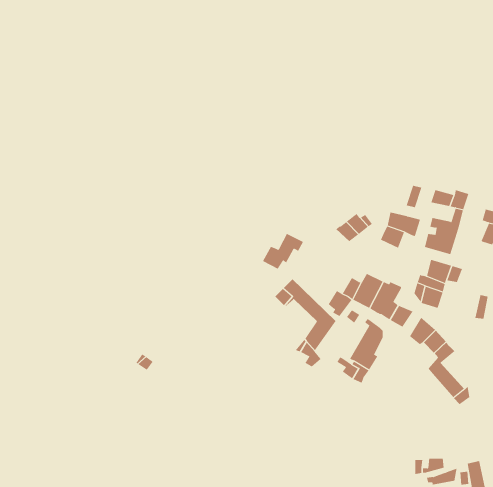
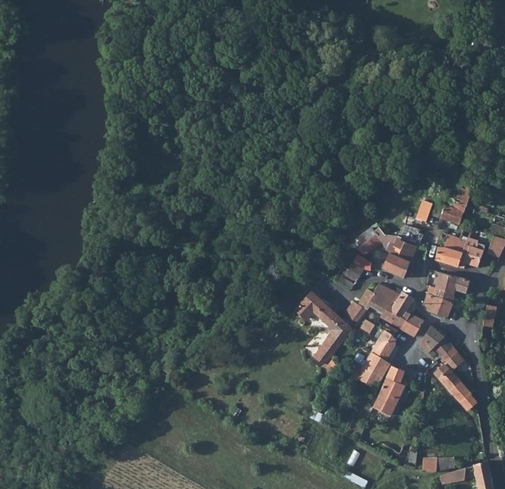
building: none -> [458,243,483,269]
building: [262,233,304,270] -> [335,257,374,291]
building: none -> [381,254,409,279]
building: none -> [371,366,403,416]

